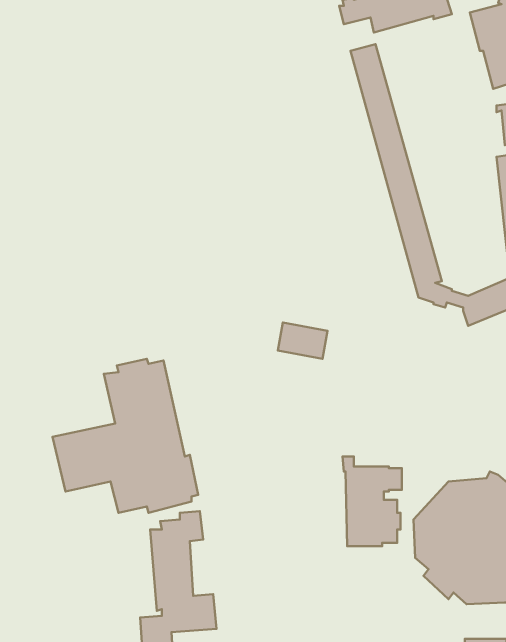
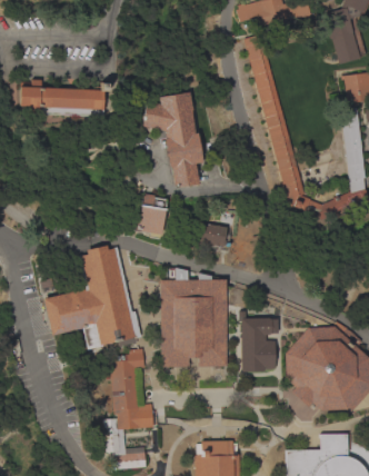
building: none -> [19,79,109,117]
building: none -> [143,92,203,187]
building: none -> [139,194,167,234]
building: none -> [161,267,228,367]

